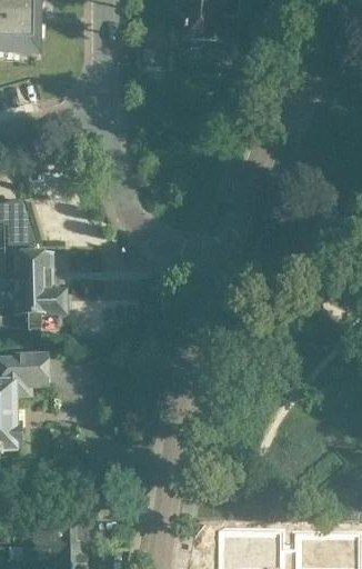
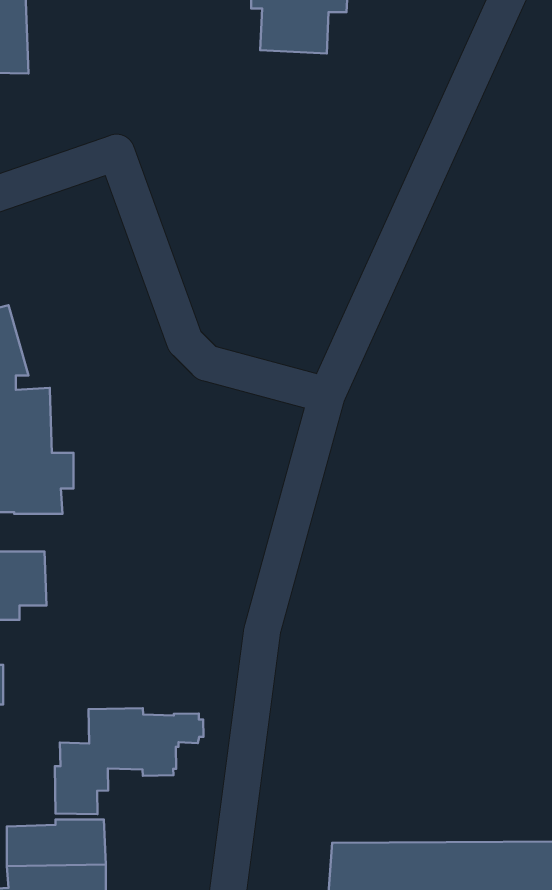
building: none -> [55,708,203,814]

